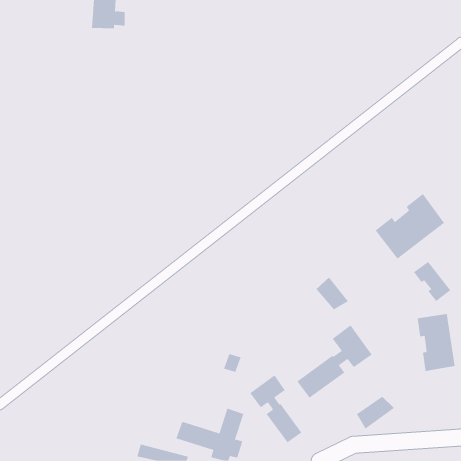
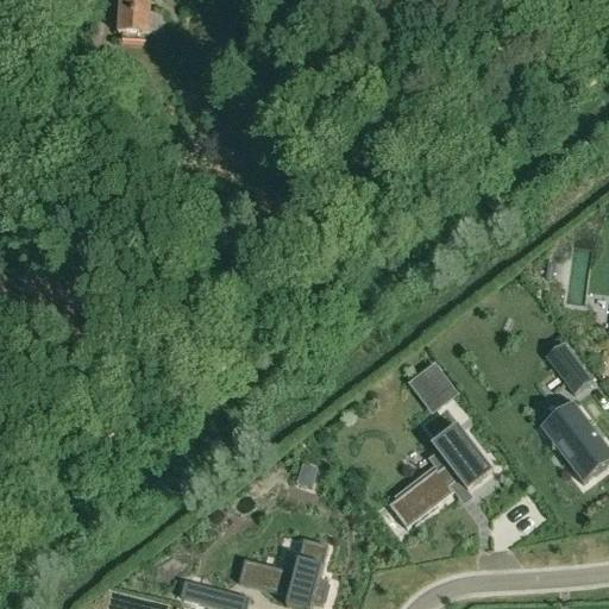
building: [375,193,445,259] -> none
building: [249,375,302,443] -> none
building: [356,396,395,430] -> none

